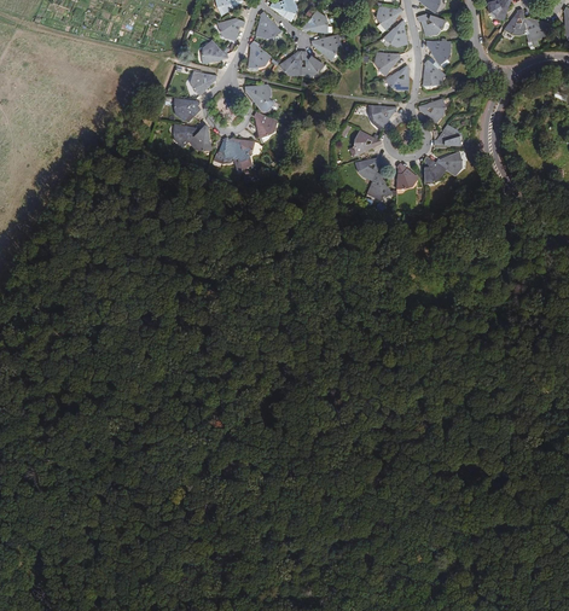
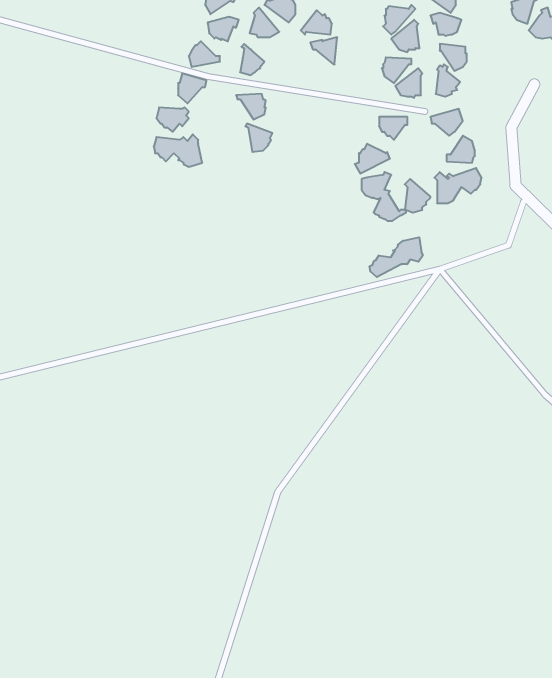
building: [278,50,324,76] -> none
building: [213,134,255,165] -> none
building: none -> [370,237,423,277]

